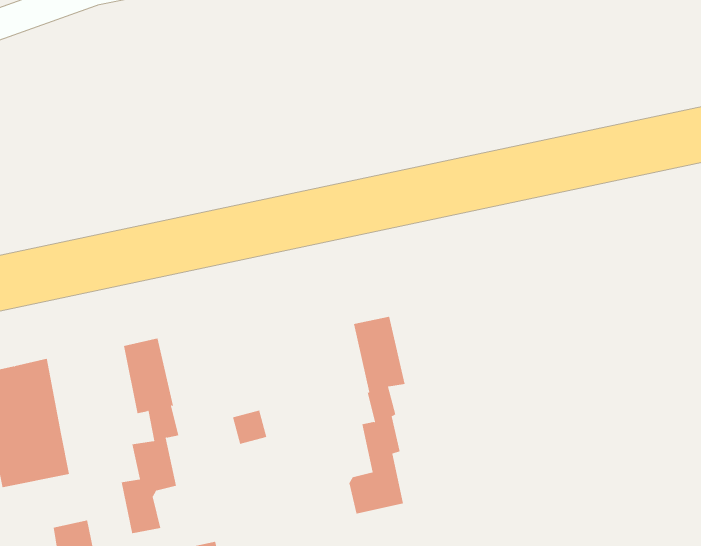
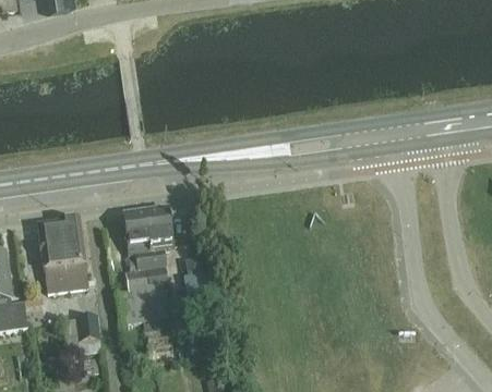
building: [348,316,405,514] -> [136,206,173,320]

